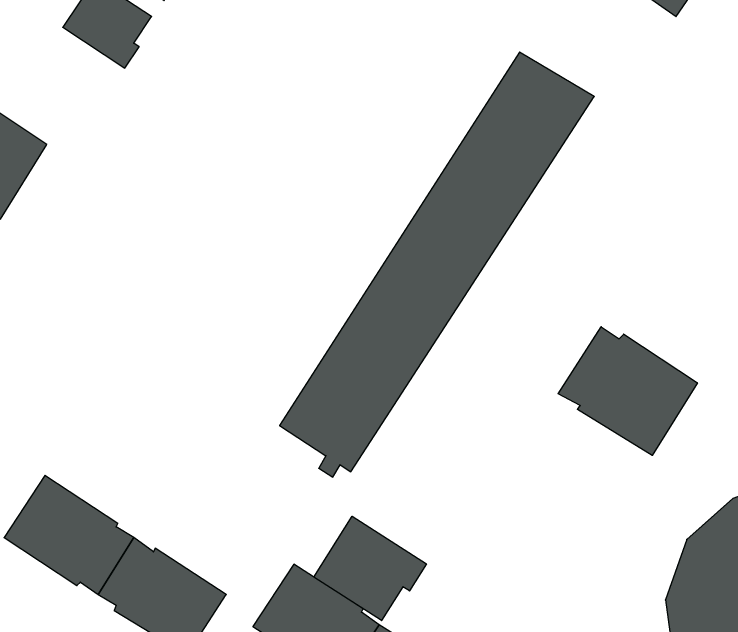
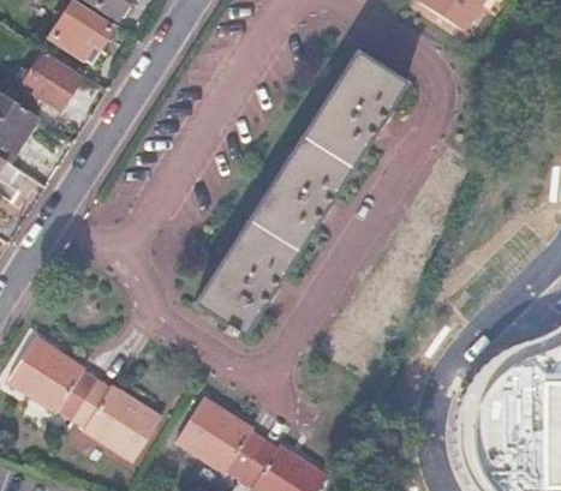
building: none -> [16,53,79,114]
building: [558,327,697,455] -> none
building: [314,516,426,621] -> none

